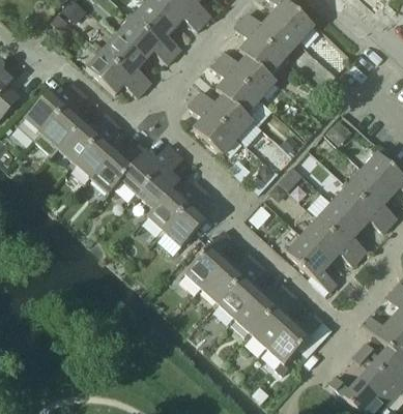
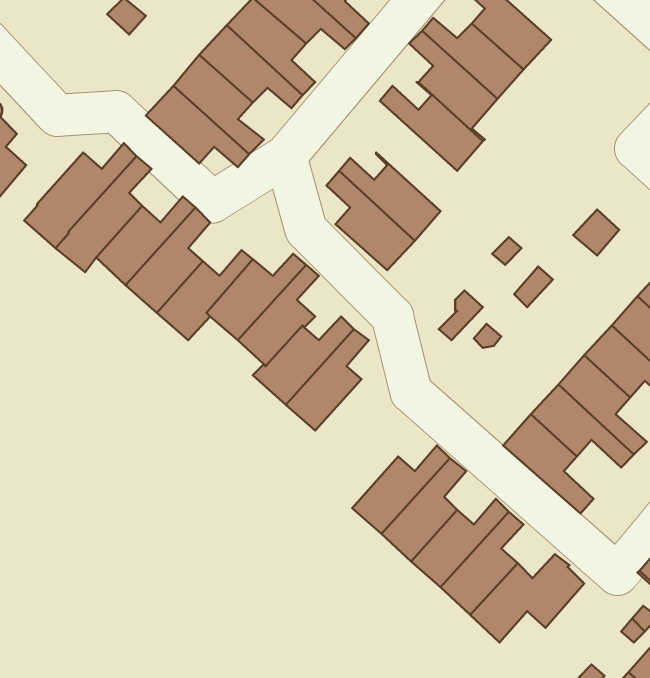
building: [211,59,261,121] -> none
building: [185,229,232,288] -> none

